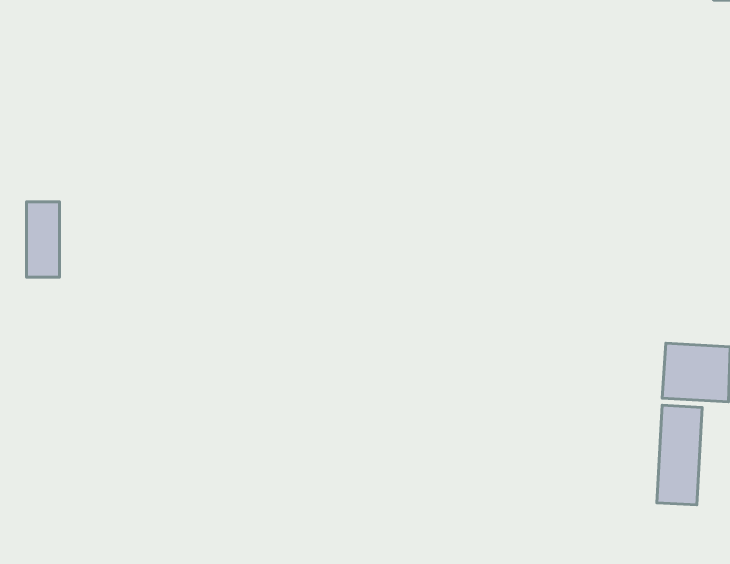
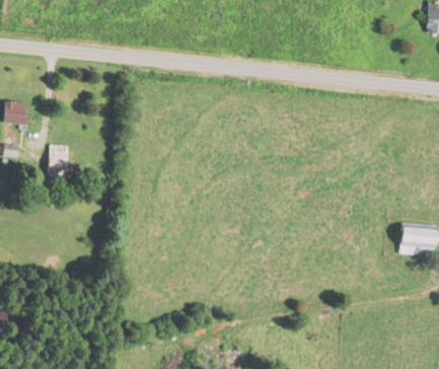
building: [657,405,702,505] -> none

